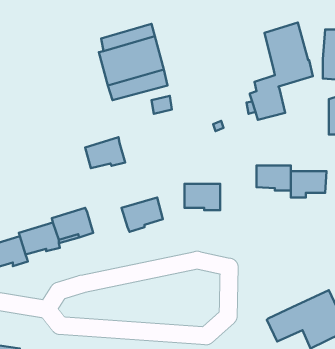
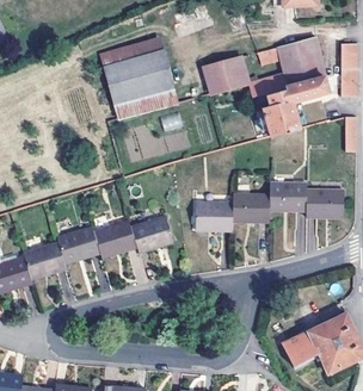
building: none -> [204,55,248,92]
building: [85,137,125,168] -> [93,222,135,254]
building: none -> [232,194,270,222]

